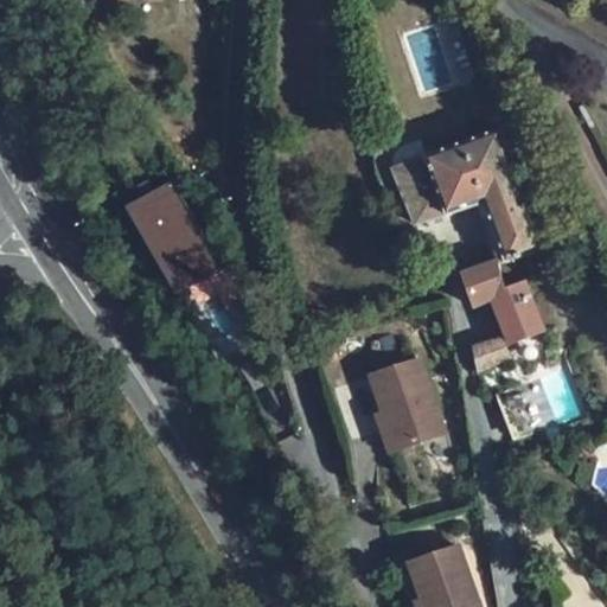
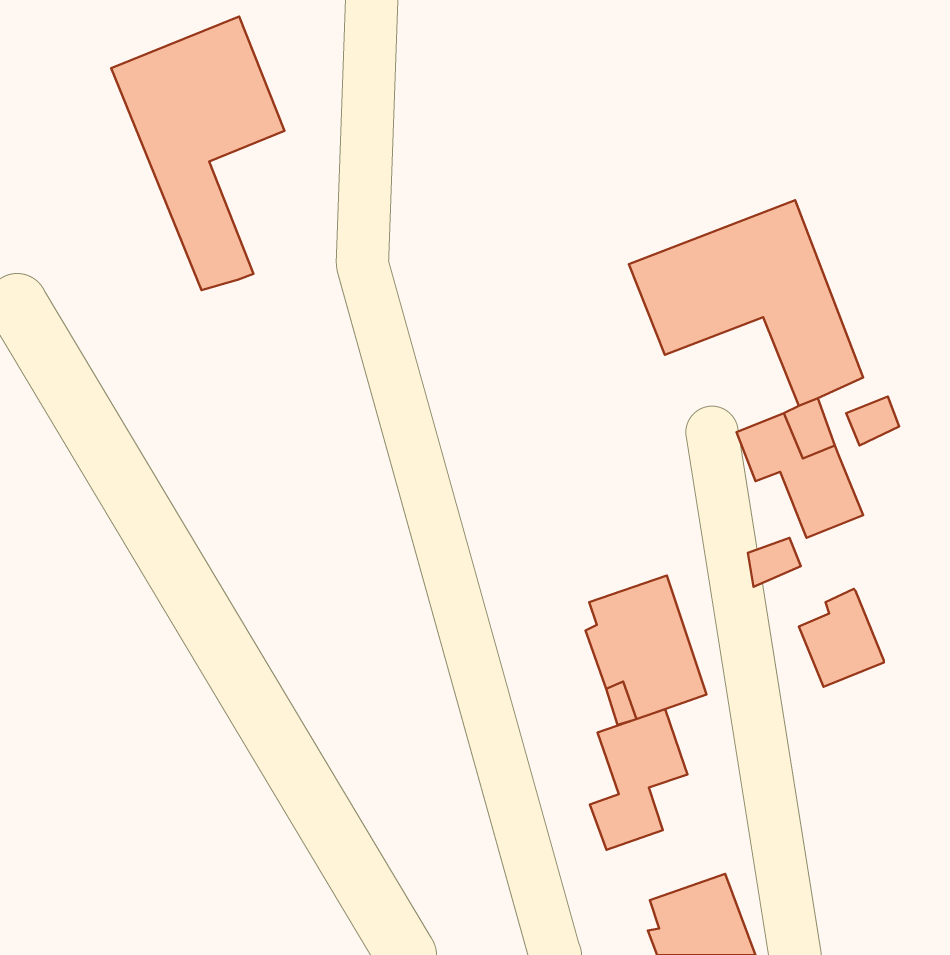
building: none -> [111,17,285,290]
building: [117,172,213,296] -> none
building: none -> [590,709,688,850]

